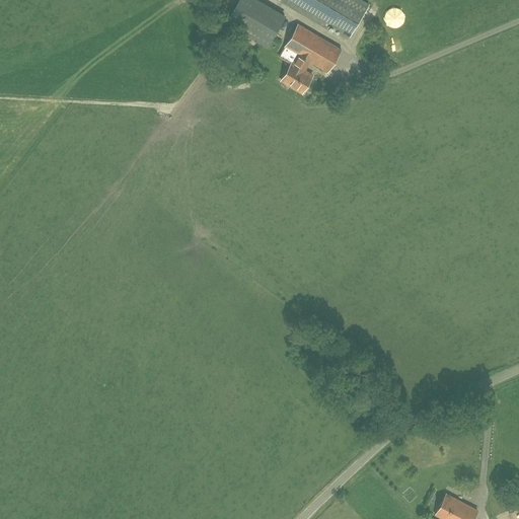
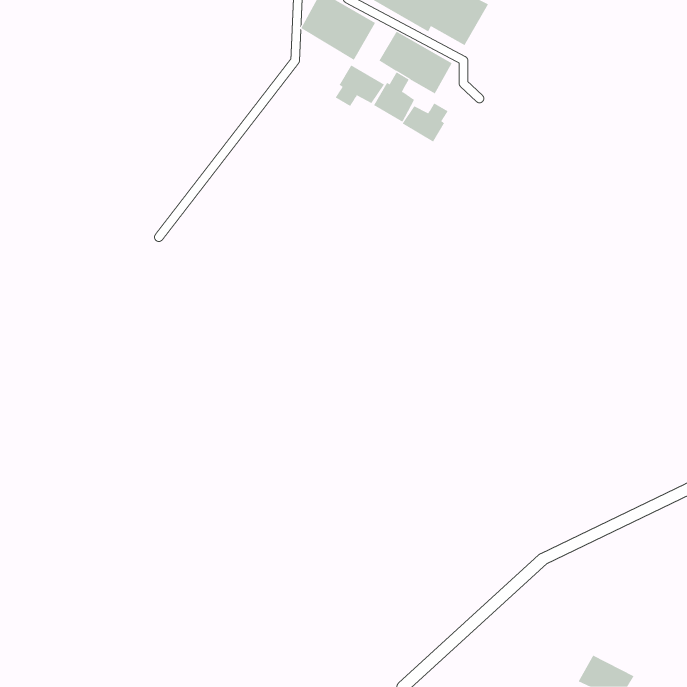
building: none -> [335,64,385,107]
building: none -> [402,103,449,142]

